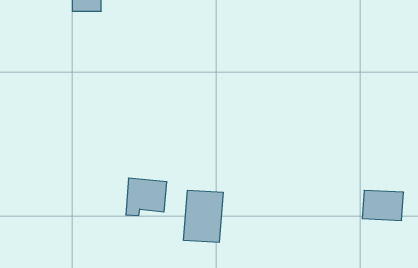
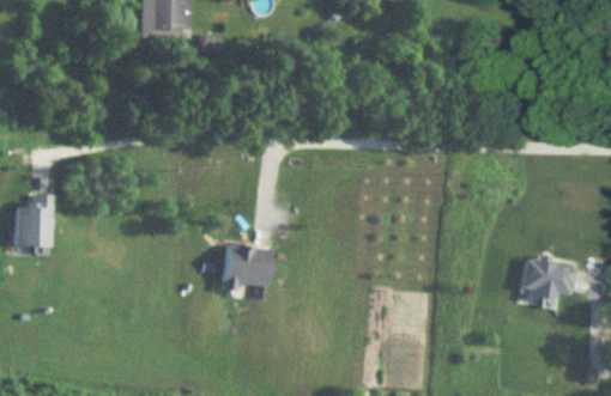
building: [184,190,223,242] -> none

